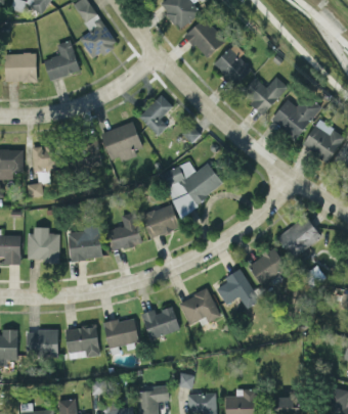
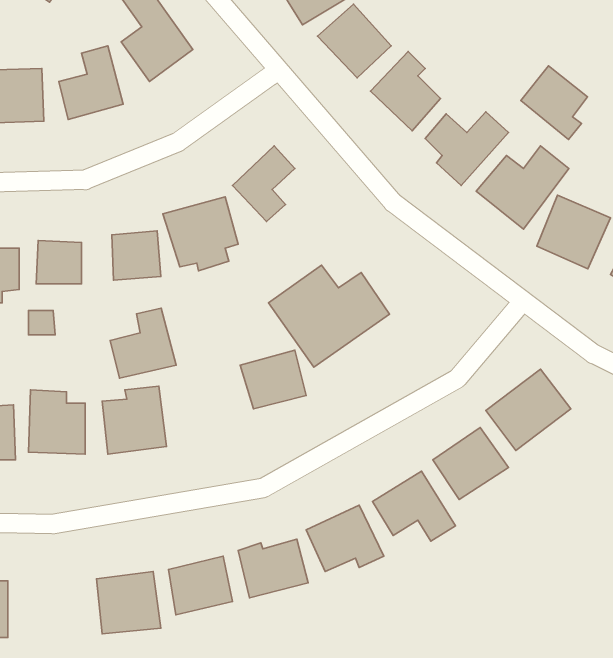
building: none -> [521,66,588,140]
building: [107,213,143,250] -> [110,308,176,378]
building: [27,329,58,357] -> none

